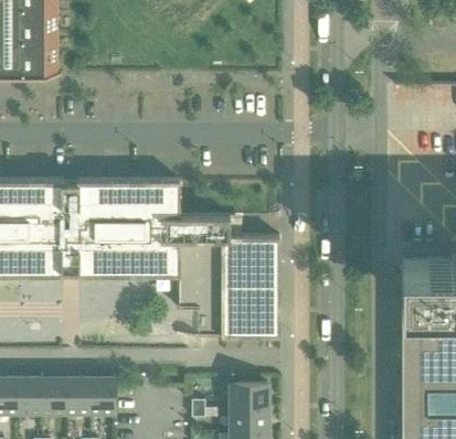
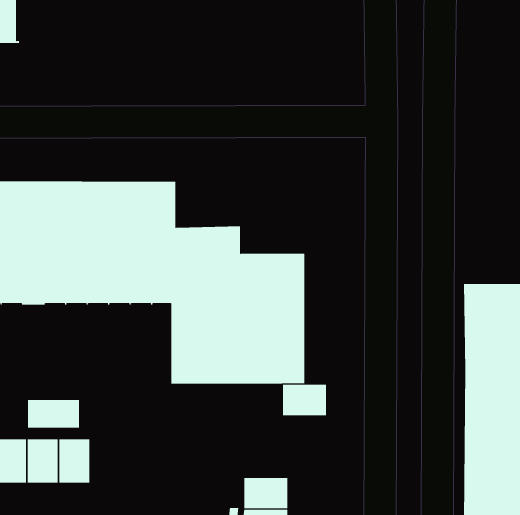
building: none -> [28,399,79,428]
building: [232,384,266,408] -> [282,384,327,416]

